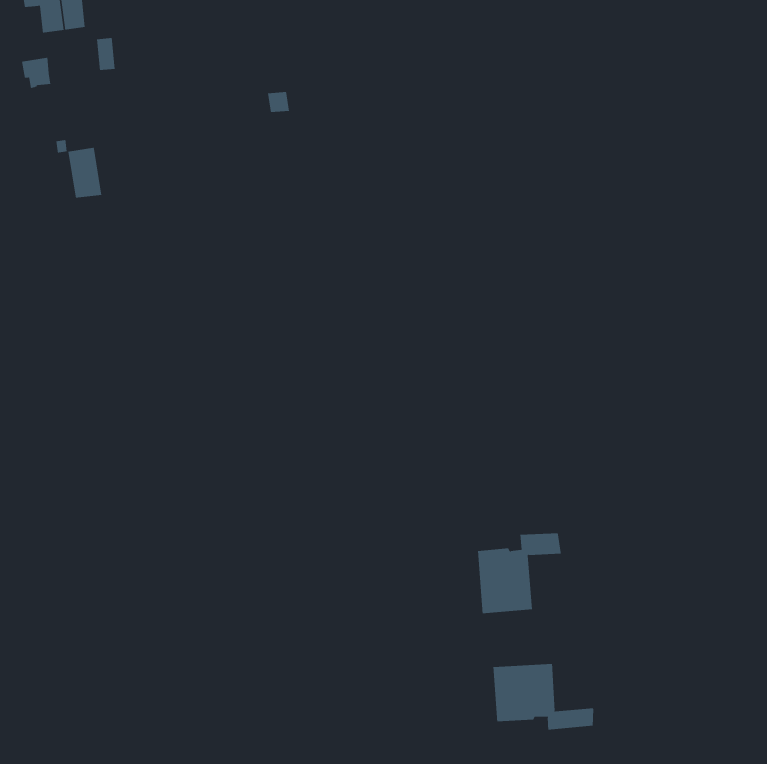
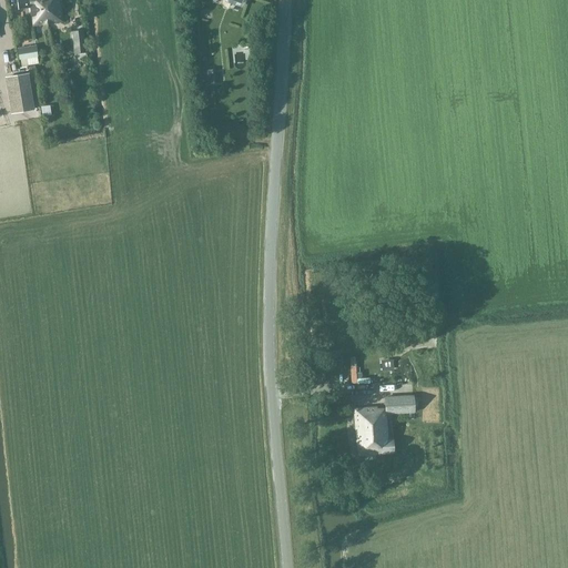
building: [68,147,102,198] -> [8,72,33,110]
building: [493,663,594,731] -> none

